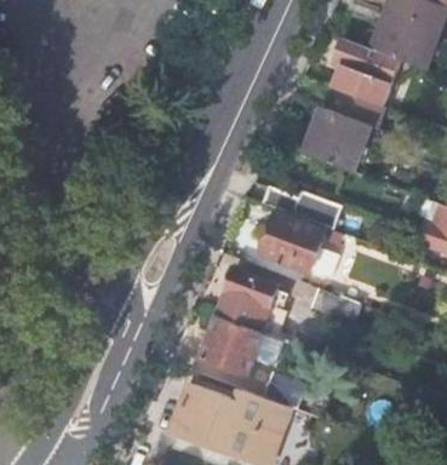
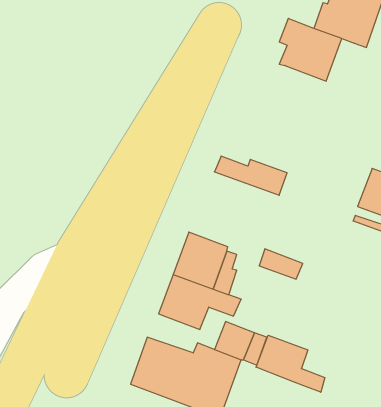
building: [303,90,383,172] -> none
building: [260,214,323,272] -> none
building: none -> [256,335,325,392]

